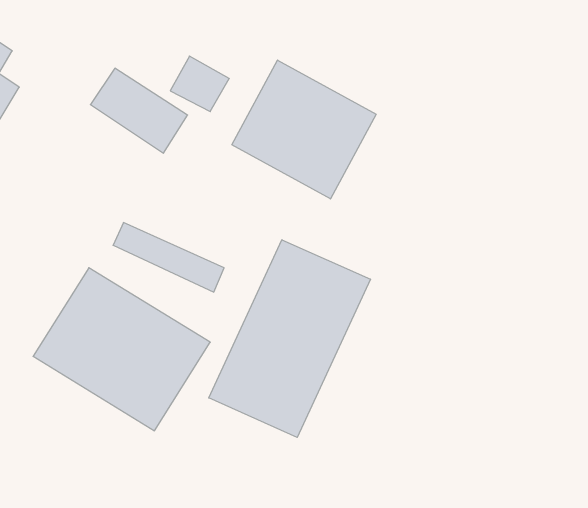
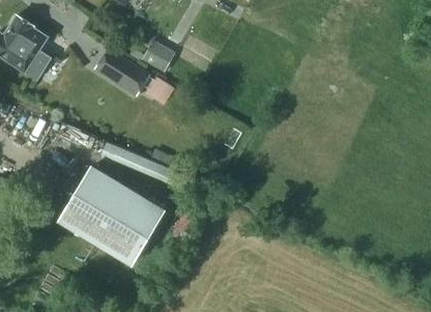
building: [232,60,376,199] -> none
building: [209,240,370,437] -> none

